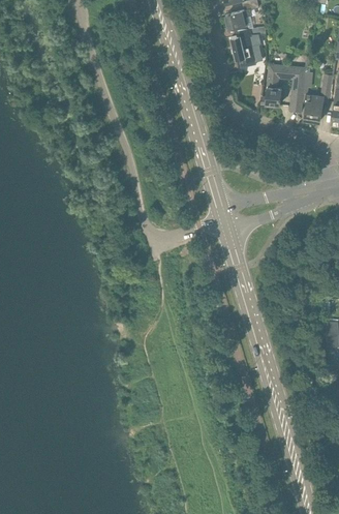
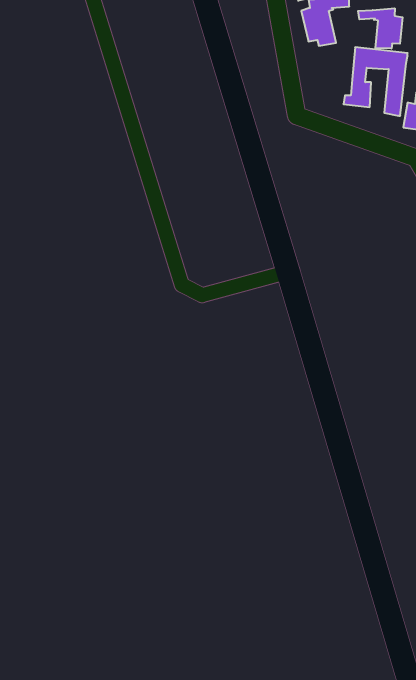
building: none -> [358,8,403,49]

